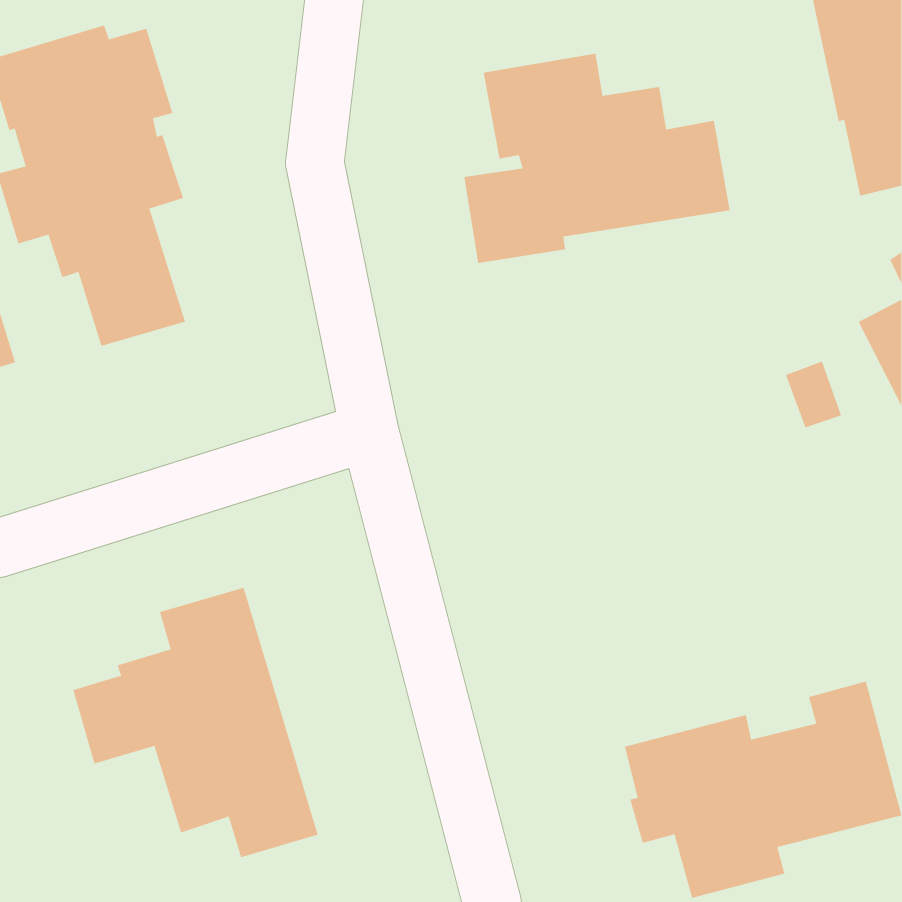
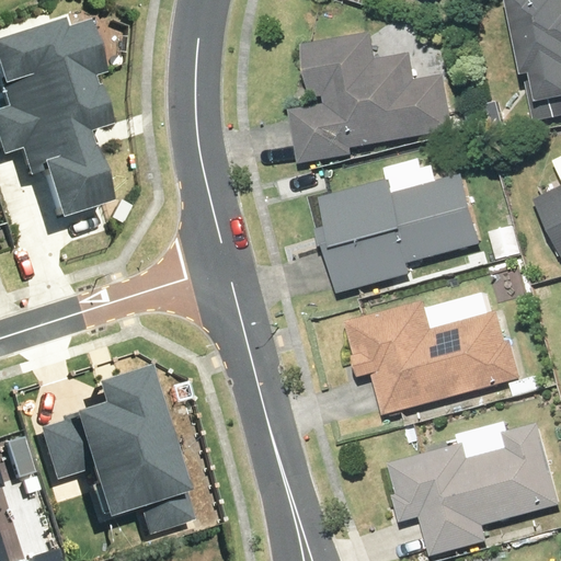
building: none -> [317,158,479,294]
building: none -> [344,300,520,416]

